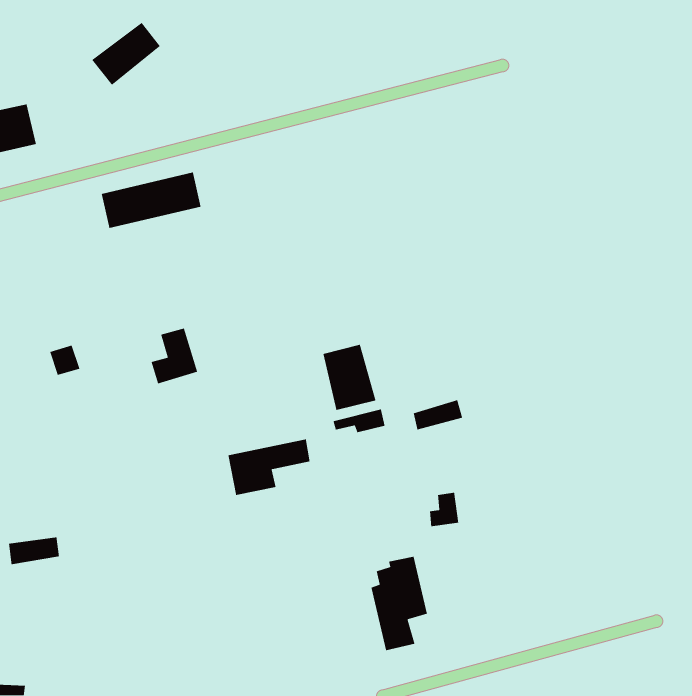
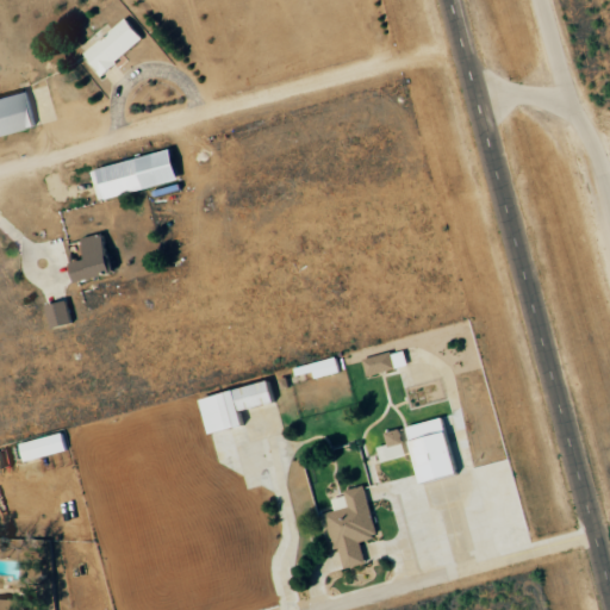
building: [151,327,198,385] -> [70,234,112,284]
building: [322,344,376,411] -> none
building: none -> [406,418,454,484]
building: [8,537,60,565] -> [18,435,63,460]

